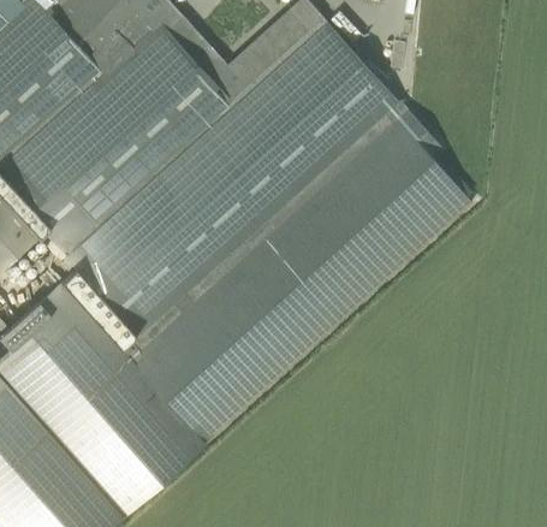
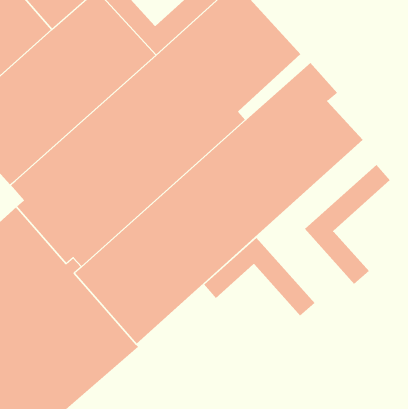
building: none -> [304,164,390,285]
building: none -> [203,237,316,316]

